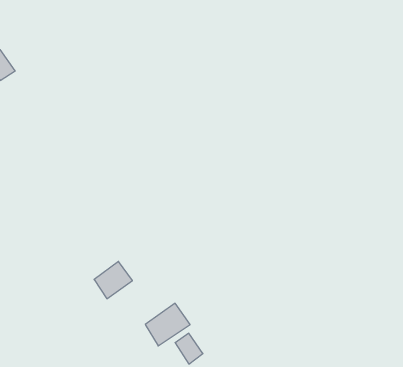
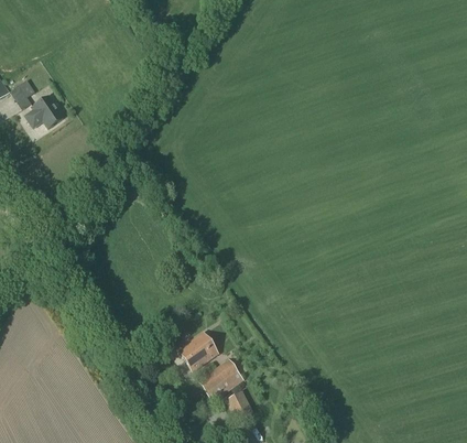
building: [94,261,132,299] -> [178,332,218,370]

